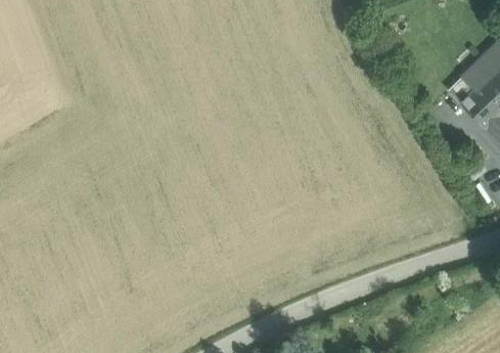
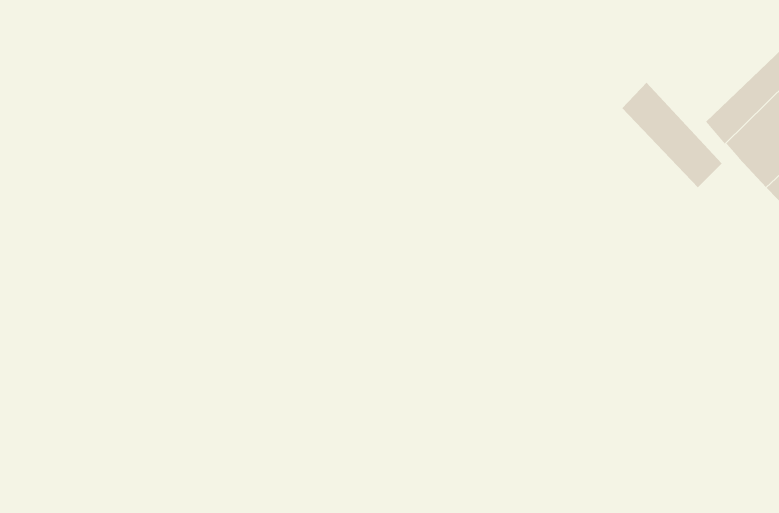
building: none -> [621,82,723,188]

